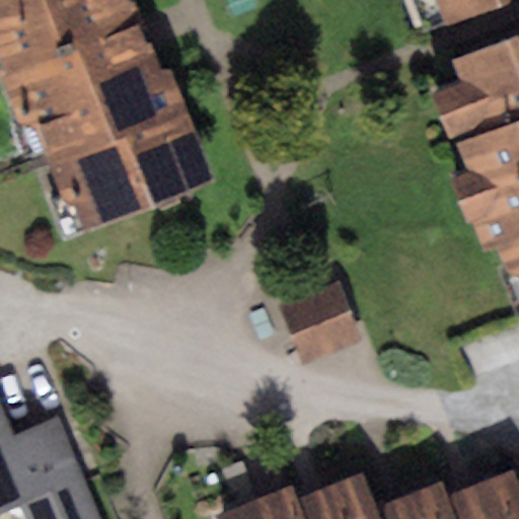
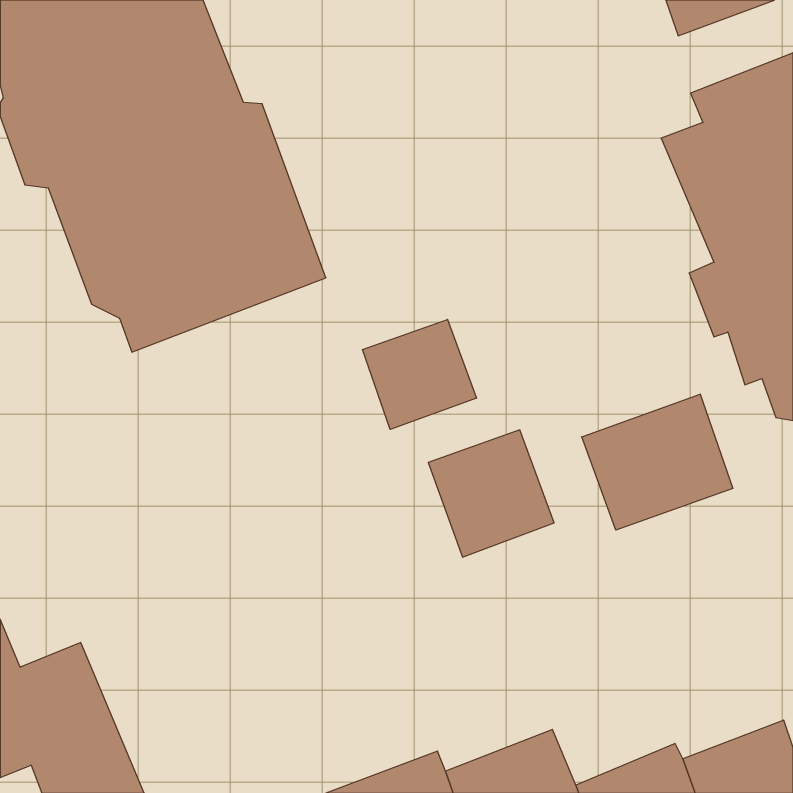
building: none -> [362,319,476,429]
building: none -> [582,394,733,530]

